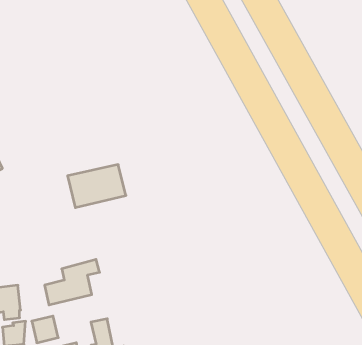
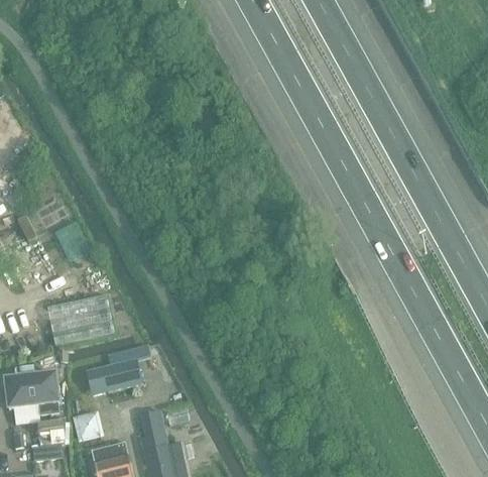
building: [68,165,126,208] -> [46,292,115,343]

